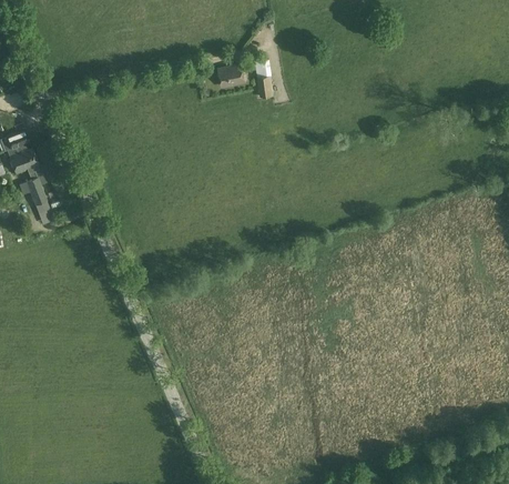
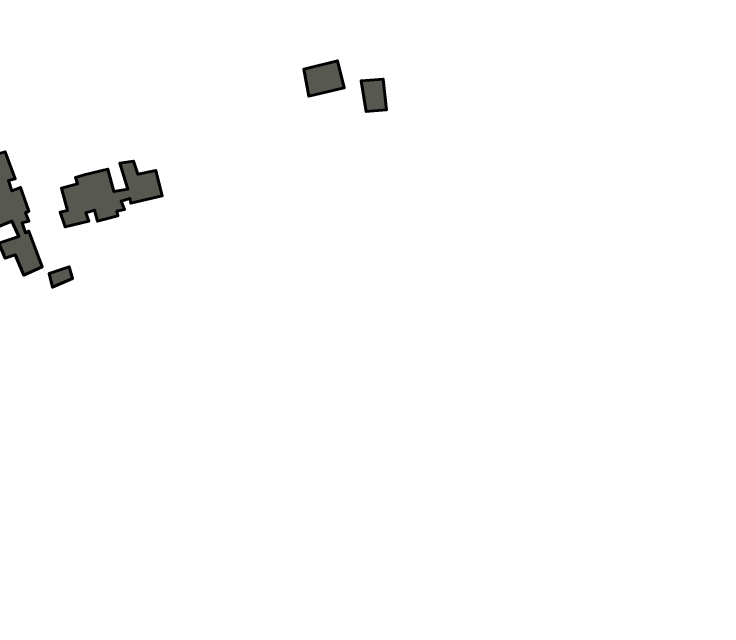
building: none -> [60,161,162,227]

